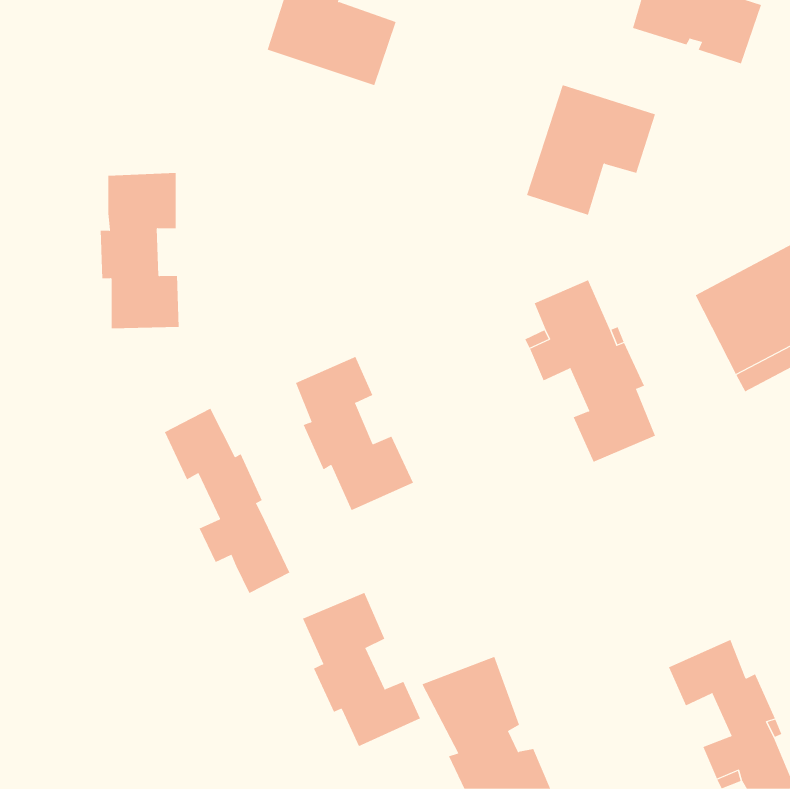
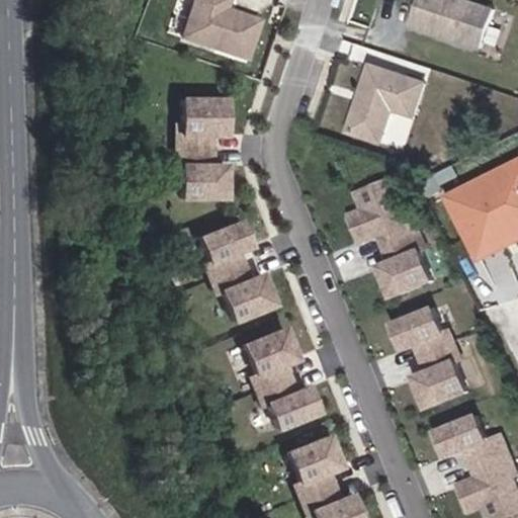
building: [100,173,179,329] -> [176,93,228,194]
building: [164,408,290,594] -> none
building: none -> [393,310,468,411]
building: [302,592,421,747] -> [242,335,319,435]

